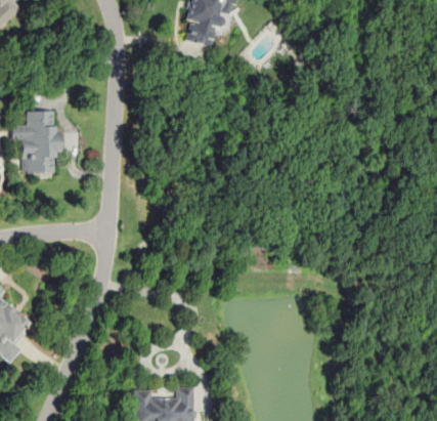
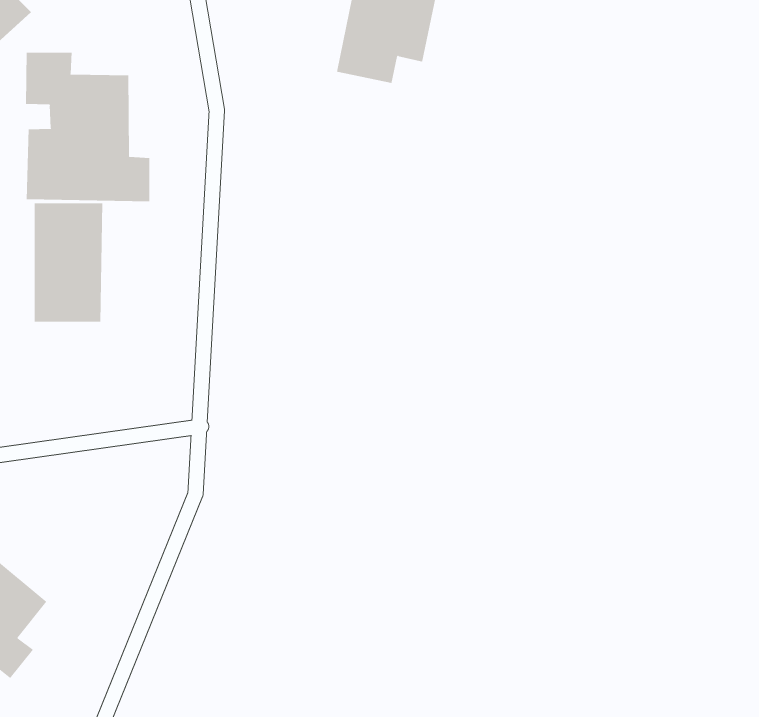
building: none -> [26,52,150,202]

